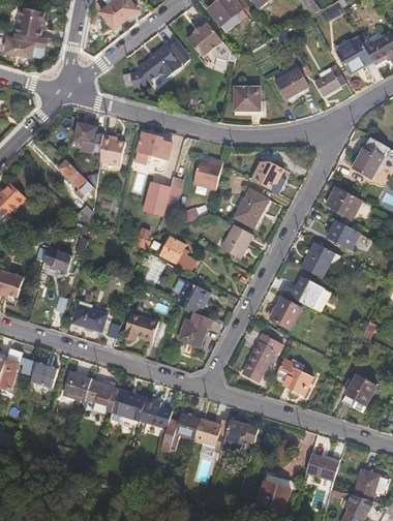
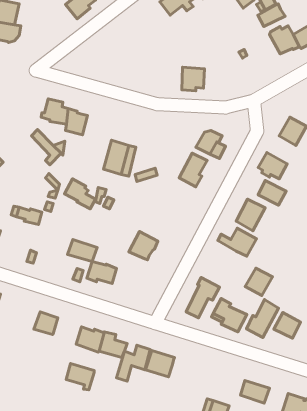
building: [189,23,224,56] -> none
building: [131,44,181,86] -> none
building: [277,67,310,97] -> none
building: [316,68,349,95] -> [258,4,285,27]
building: [138,130,172,160] -> none
building: [192,157,222,189] -> none
building: [219,222,252,257] -> none
building: [158,236,194,271] -> [65,179,95,209]
building: [269,296,301,328] -> [245,268,272,295]
building: [71,304,107,330] -> [67,240,97,262]
building: [178,310,212,346] -> none
building: none -> [247,300,278,338]
building: [30,361,57,387] -> none
building: [85,379,118,410] -> [66,364,94,390]
building: [219,419,256,456] -> none

